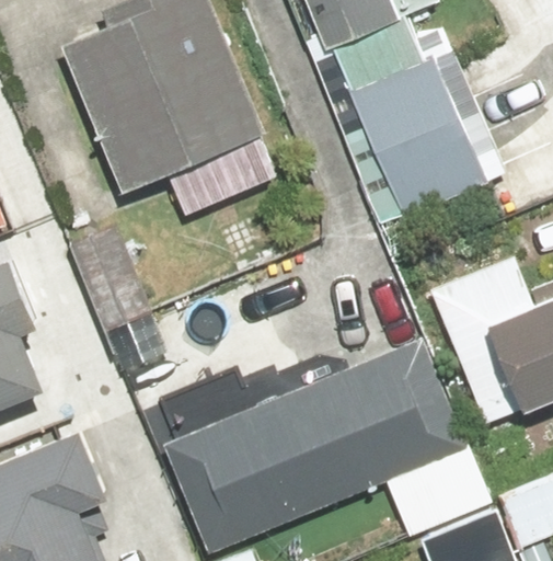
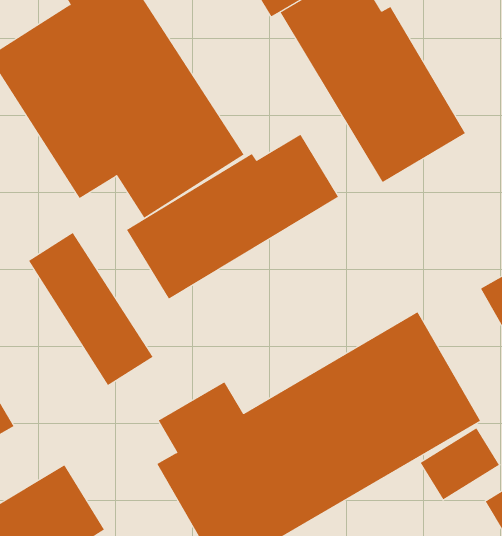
building: none -> [126,134,339,300]

